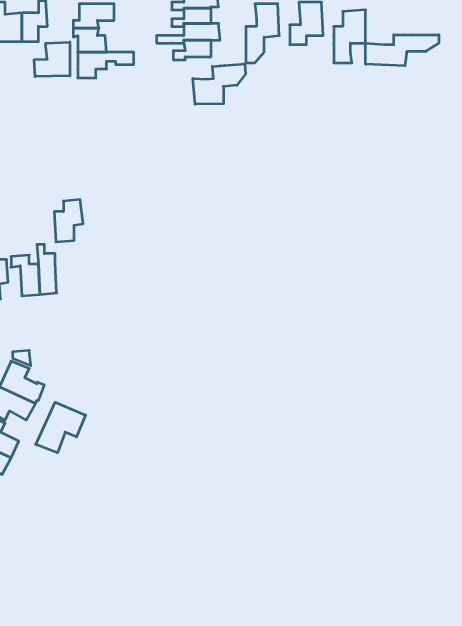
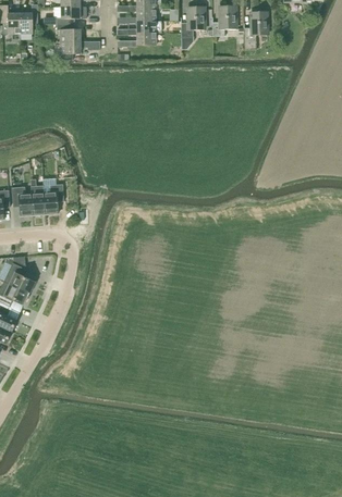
building: [366,35,439,66] -> none
building: [34,42,70,77] -> none
building: [193,64,246,104] -> none
building: [54,200,83,242] -> [42,184,63,214]
building: [36,402,86,453] -> none

